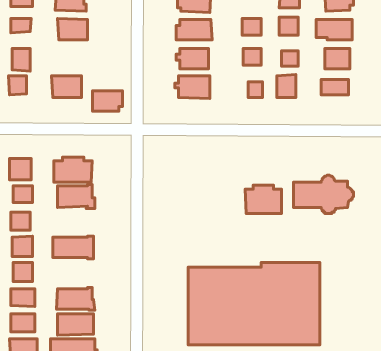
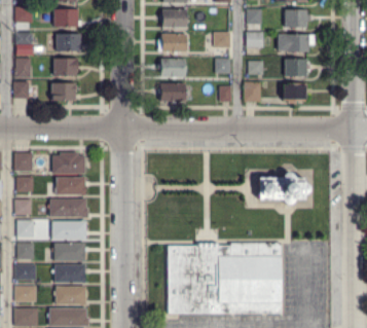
building: [92,91,122,111] -> [53,59,79,76]
building: [245,185,281,213] -> none
building: none -> [49,197,89,218]
building: none -> [56,243,85,262]

